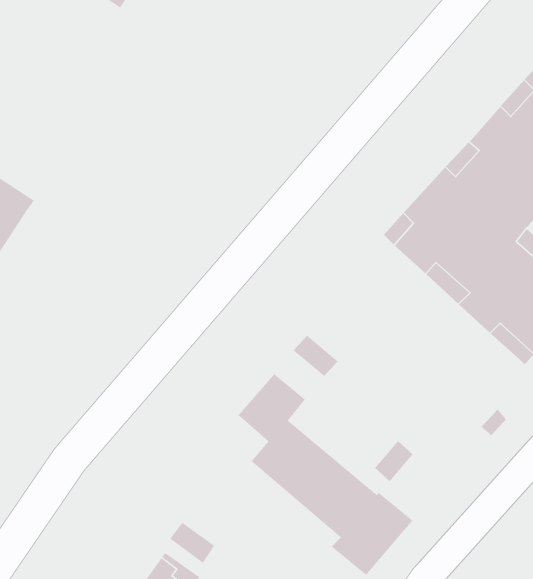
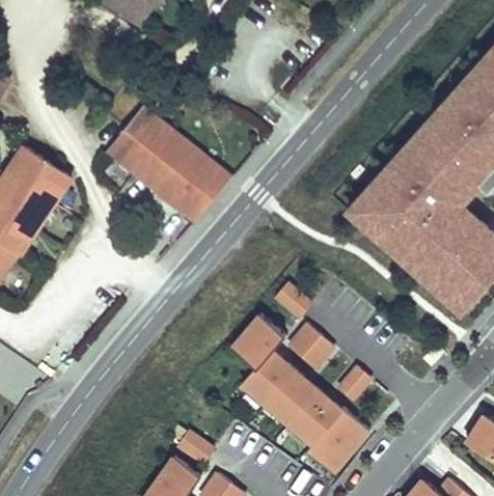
building: none -> [107,108,232,222]
building: none -> [292,329,336,374]

